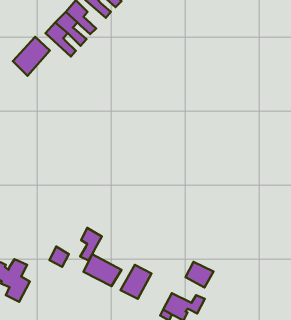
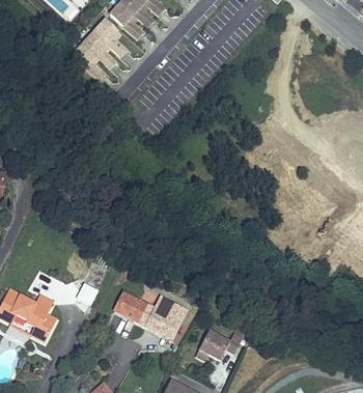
building: [13,37,50,76] -> none
building: [80,228,102,261] -> none
building: [185,262,213,287] -> none

